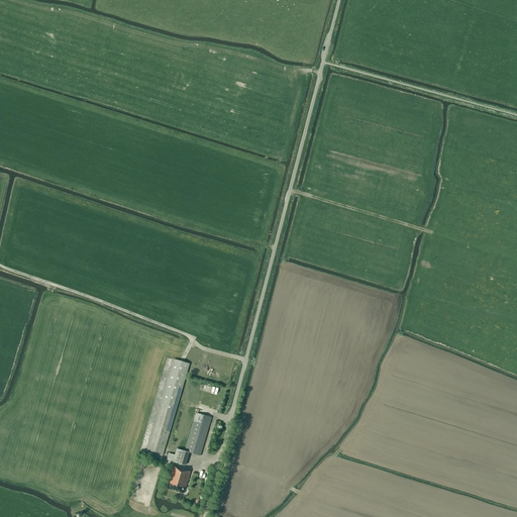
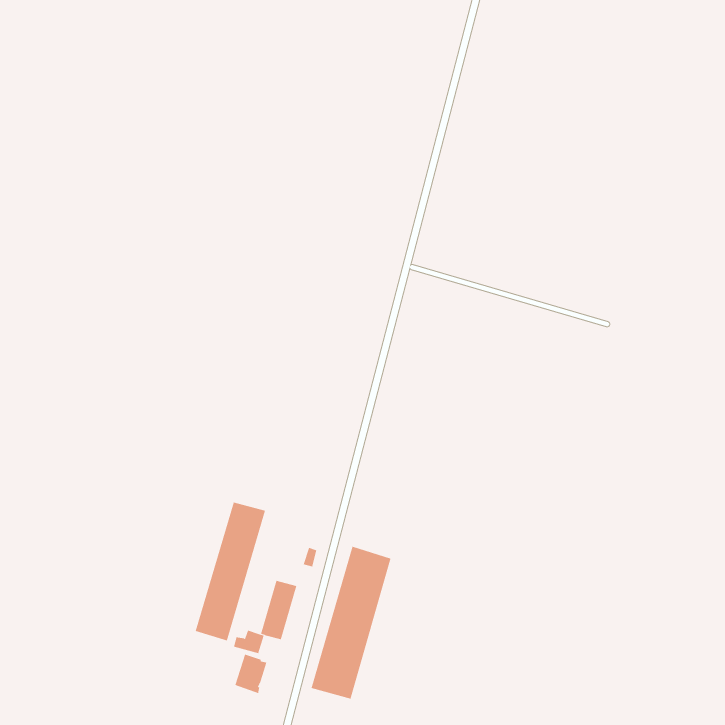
building: none -> [311,546,391,700]

